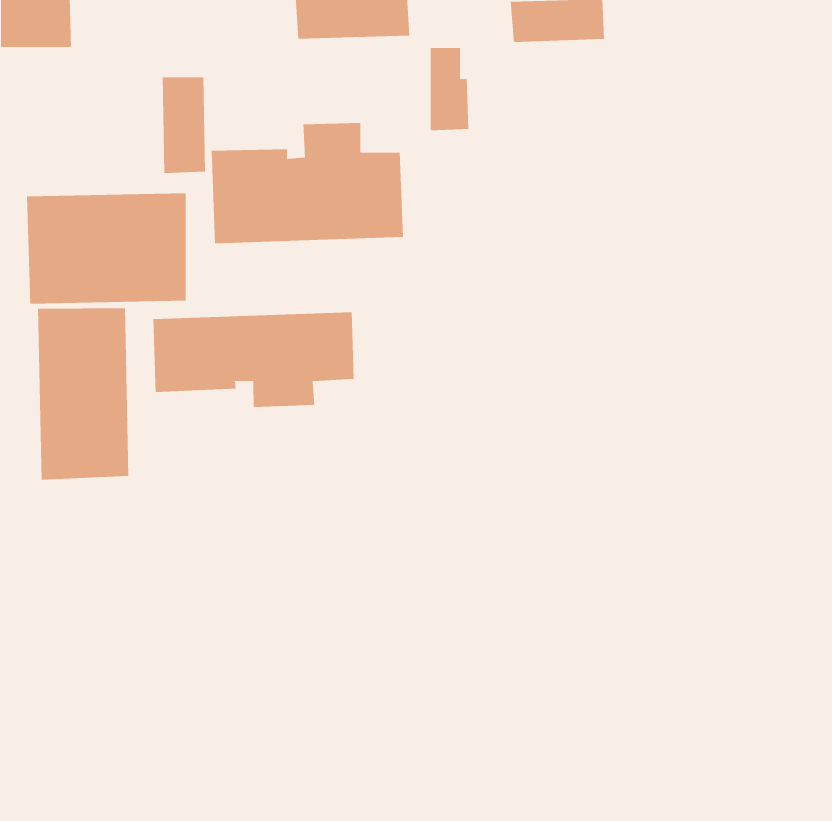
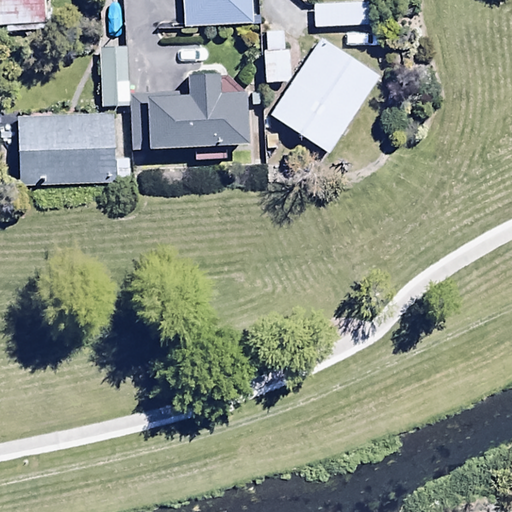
building: none -> [271,37,378,151]
building: [38,307,129,481] -> none
building: [153,312,354,408] -> none

